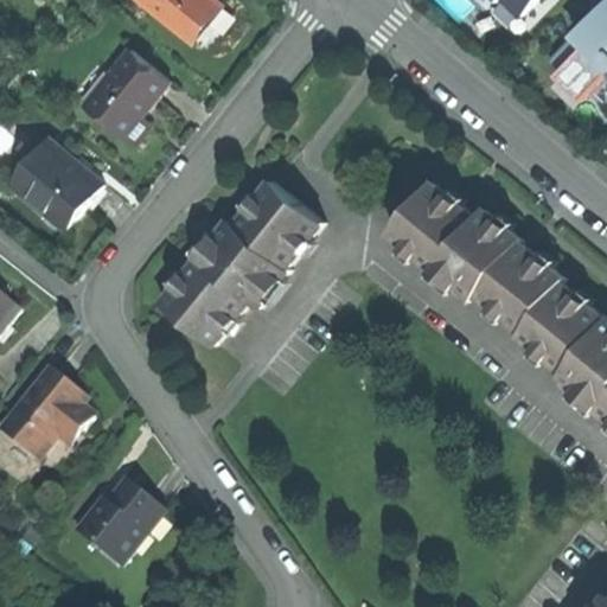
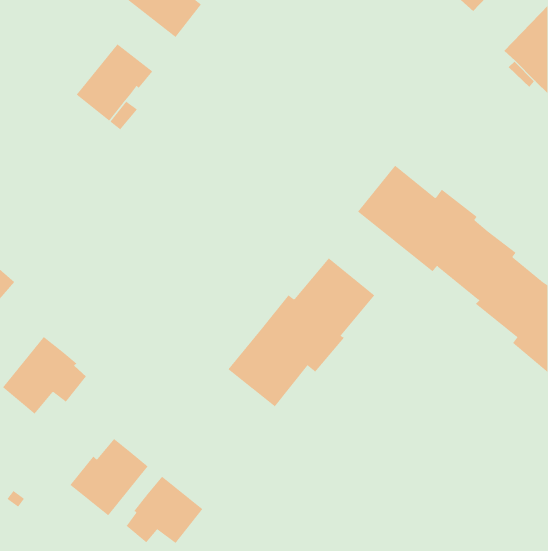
building: [8,138,101,228] -> none
building: [160,179,321,343] -> [228,258,375,407]
building: none -> [126,476,203,544]

